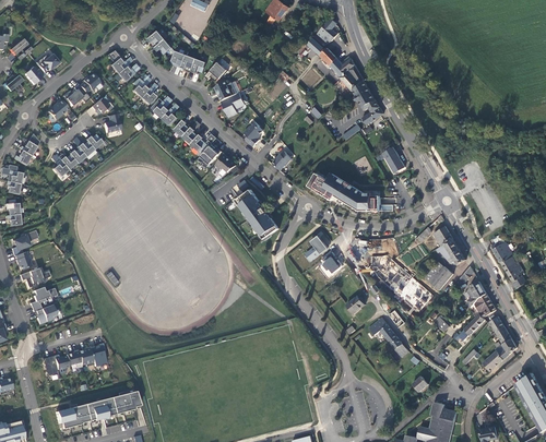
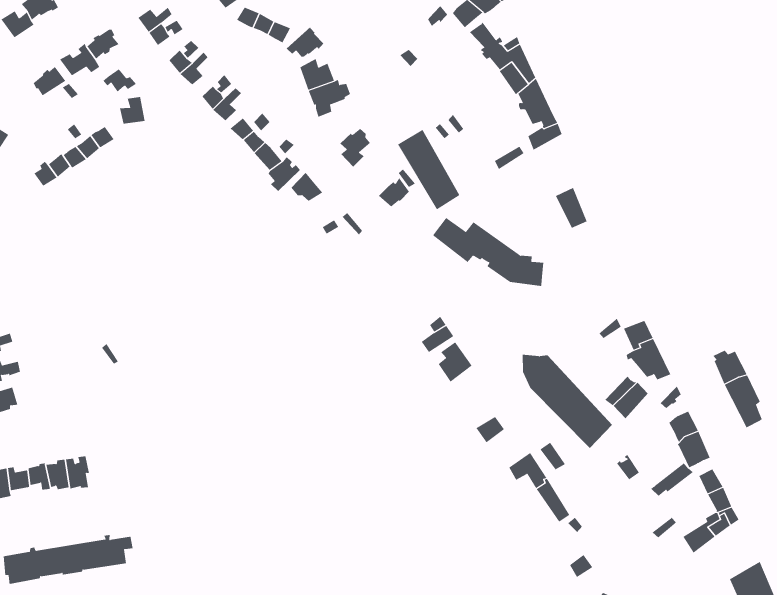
building: [235,189,277,239] -> [397,129,460,210]

